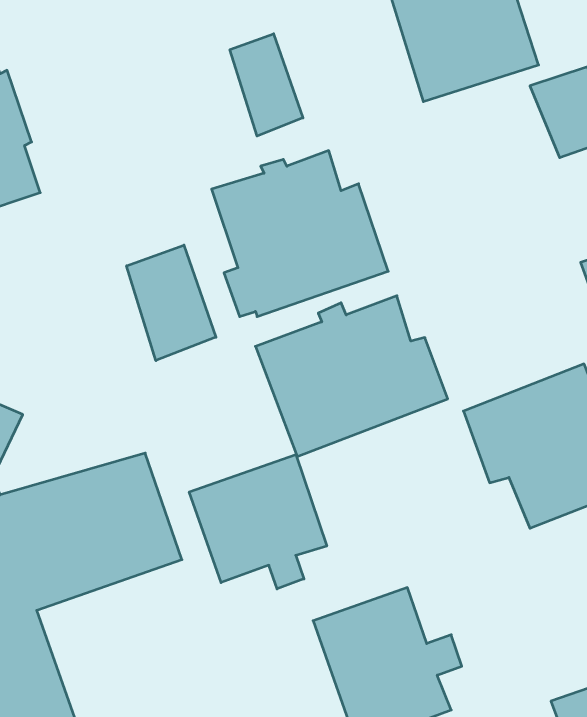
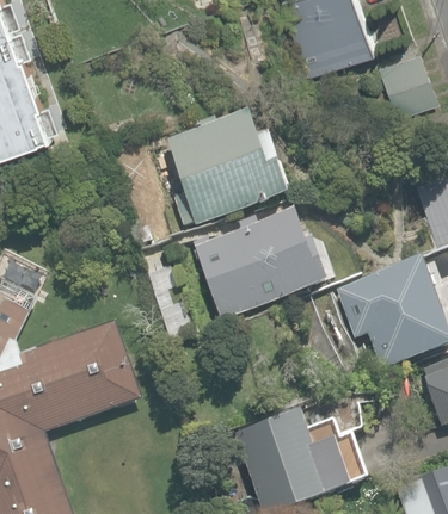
building: [230,34,303,136] -> none
building: [127,245,216,361] -> none
building: [189,454,327,589] -> none

